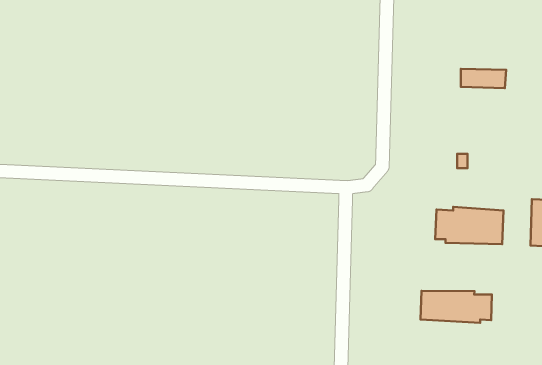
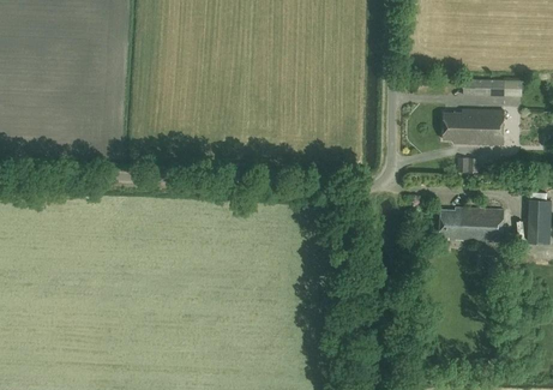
building: none -> [444,110,503,144]
building: [420,291,492,323] -> none

